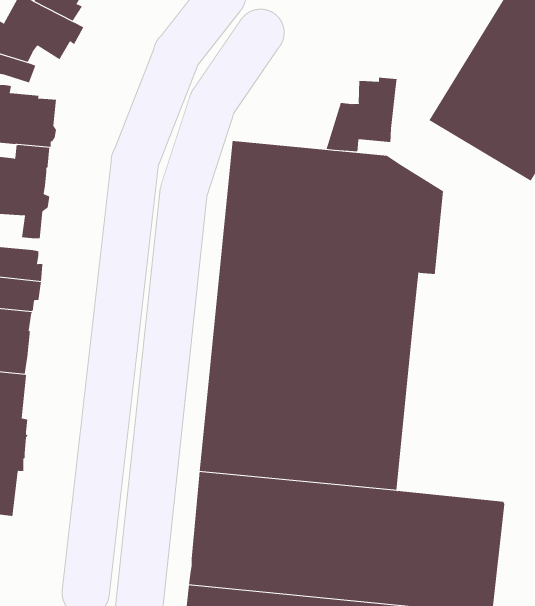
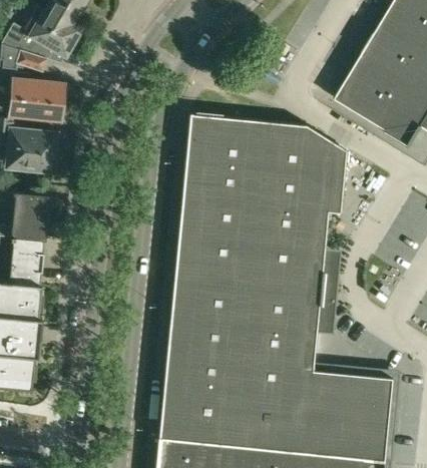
building: [326,77,397,152] -> none

